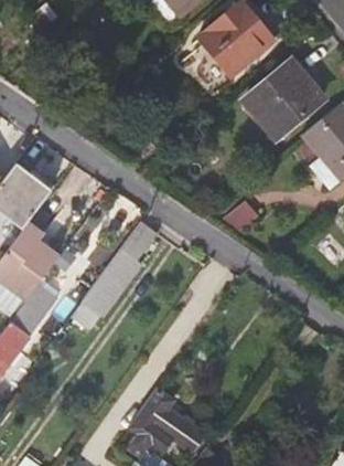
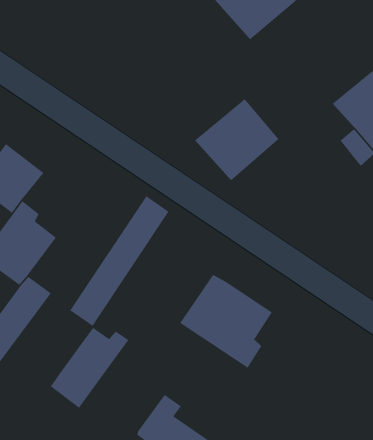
building: [246,63,322,137] -> [194,98,280,181]
building: none -> [179,274,273,369]
building: none -> [50,327,130,409]

